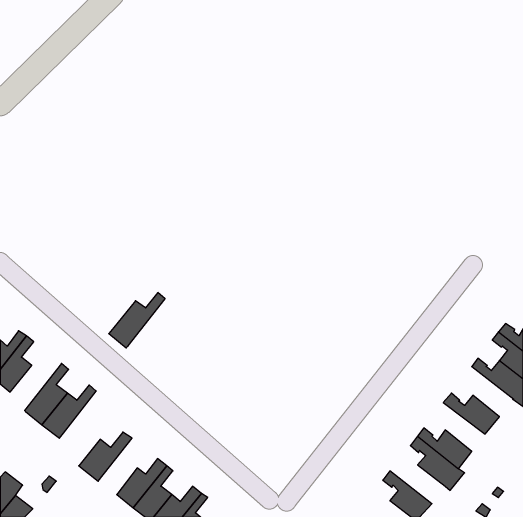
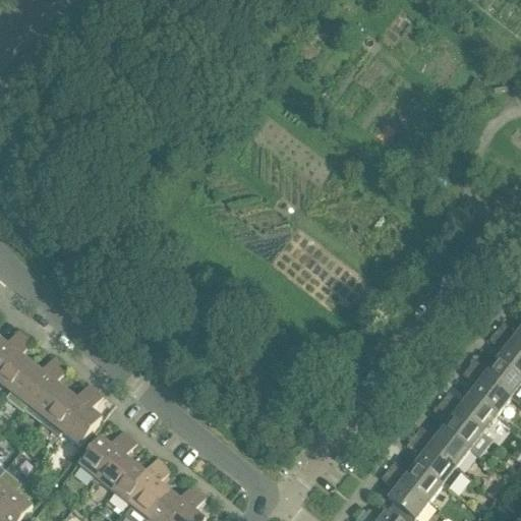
building: [109,293,165,348] -> [5,355,61,410]
building: none -> [462,364,511,414]
building: none -> [63,389,103,445]
building: none -> [435,400,493,457]
building: none -> [98,436,137,491]
building: none -> [388,460,443,501]

